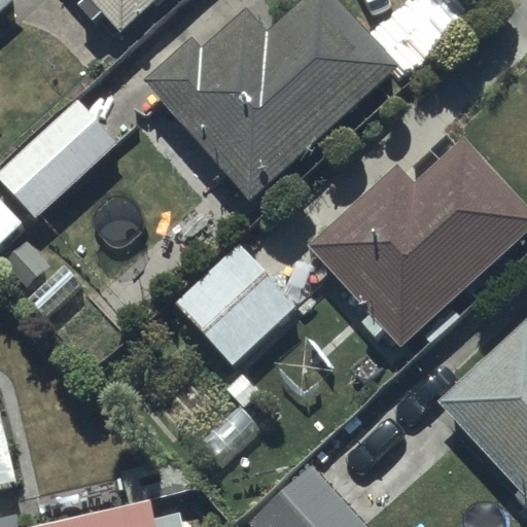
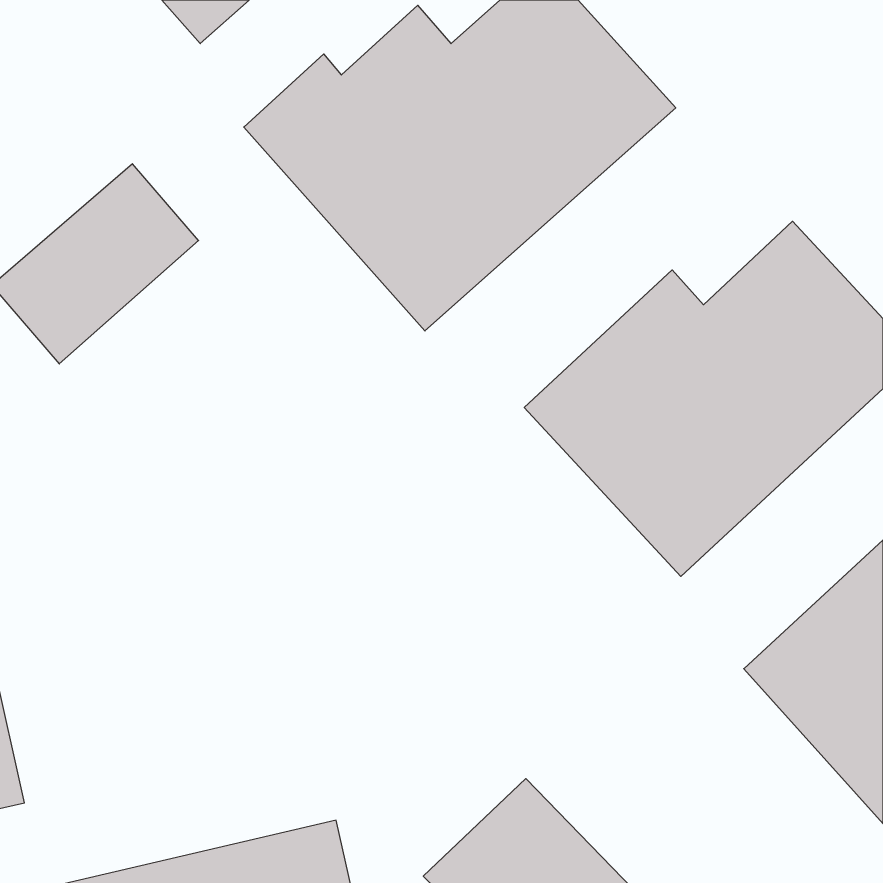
building: [174,244,296,366] -> none

